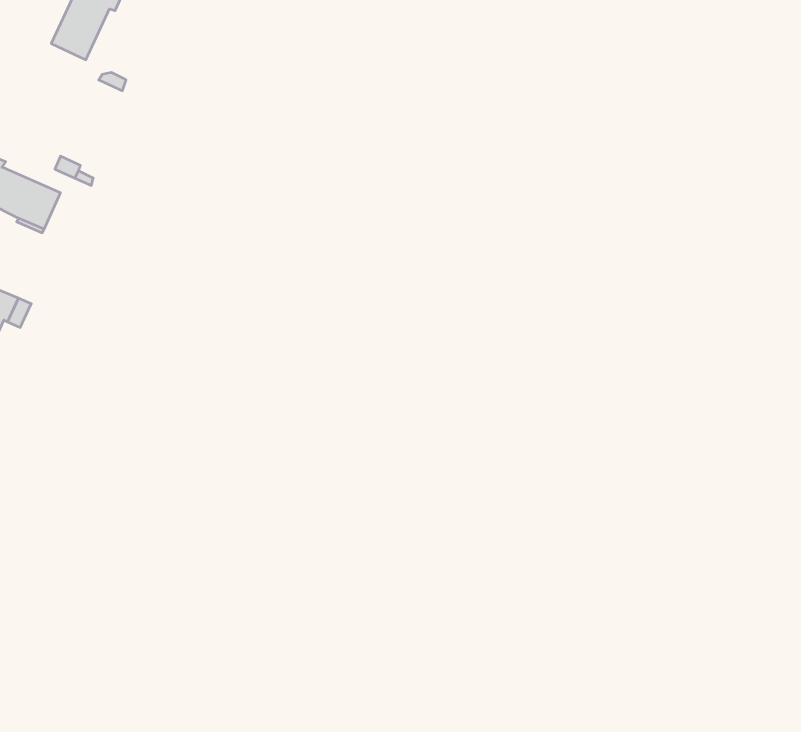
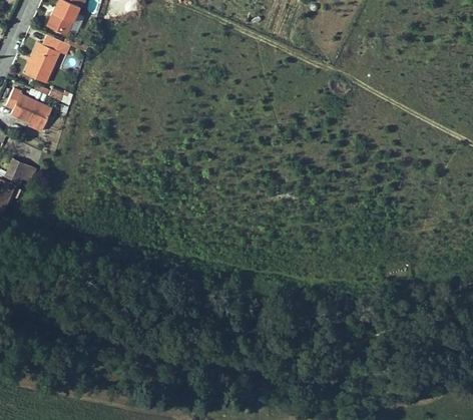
building: none -> [25,34,60,82]

